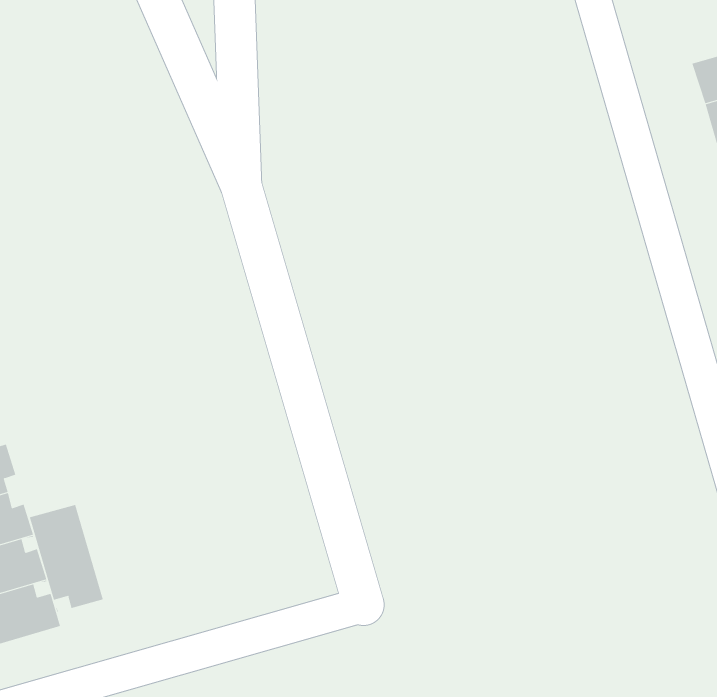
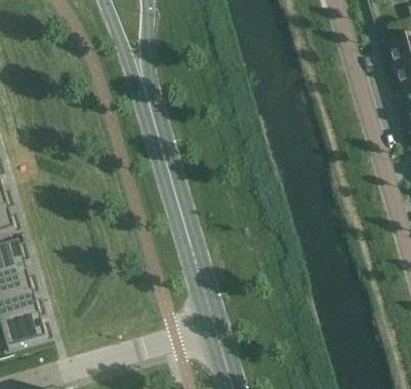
building: [29,504,103,613] -> none

